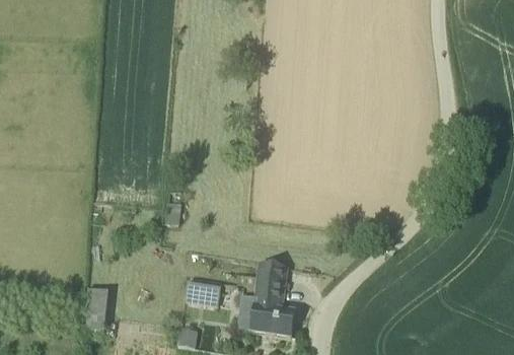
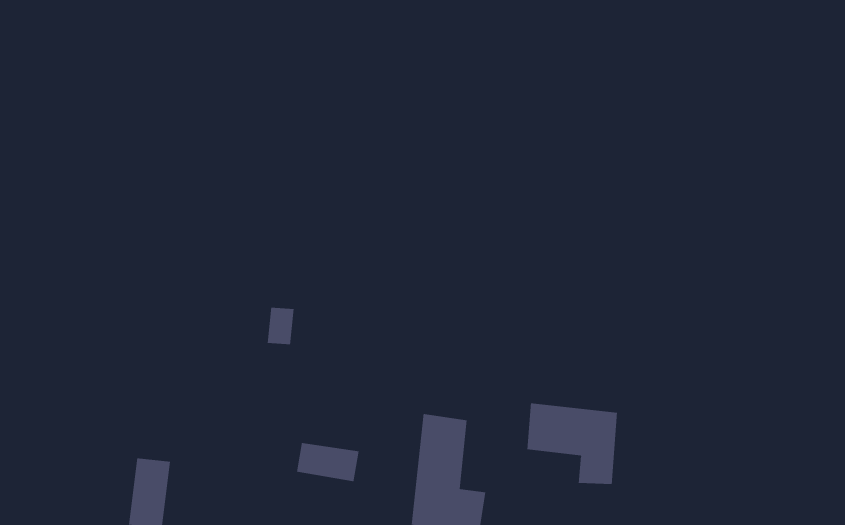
building: none -> [527,403,618,485]

